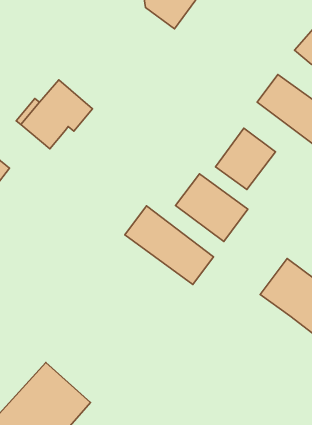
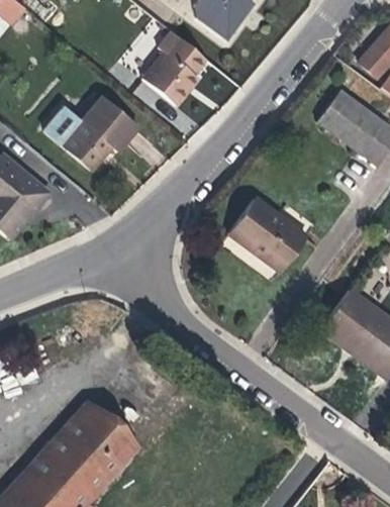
building: none -> [142,30,206,105]
building: [215,128,275,189] -> none
building: [125,206,214,285] -> none

